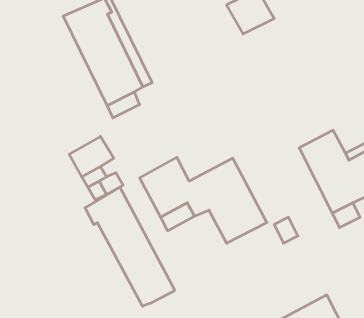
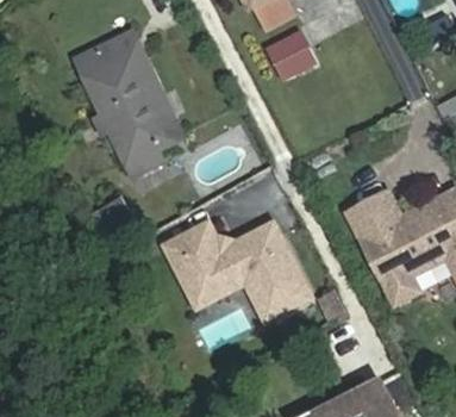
building: [85,187,174,306] -> none

